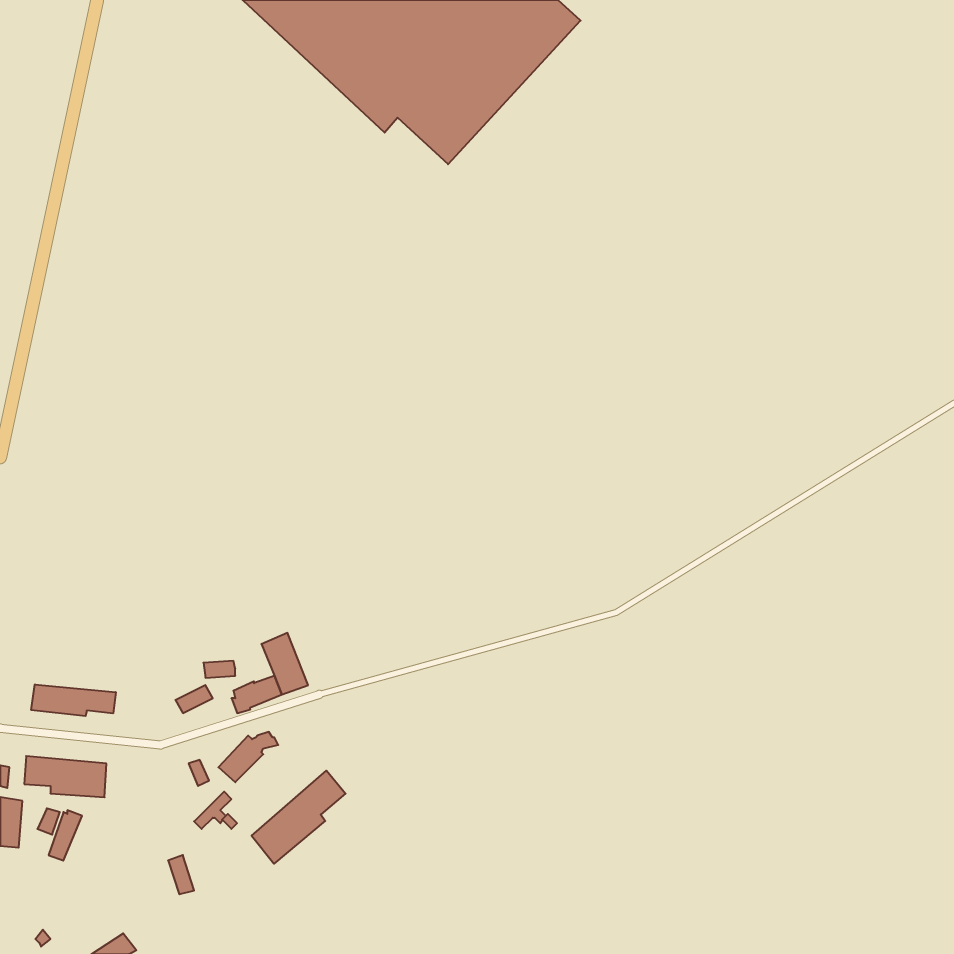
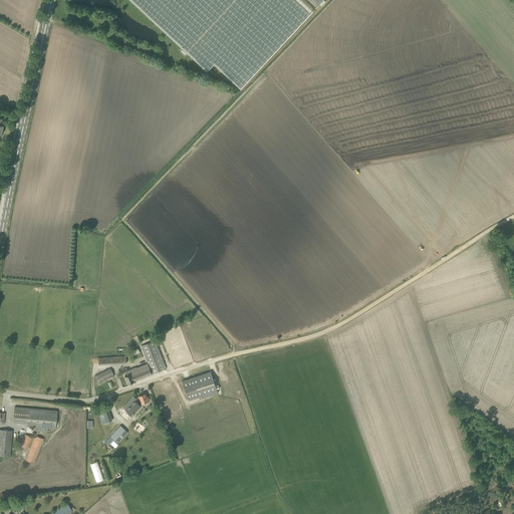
building: [31,684,116,716] -> none
building: none -> [182,371,218,400]
building: [252,771,346,864] -> none

